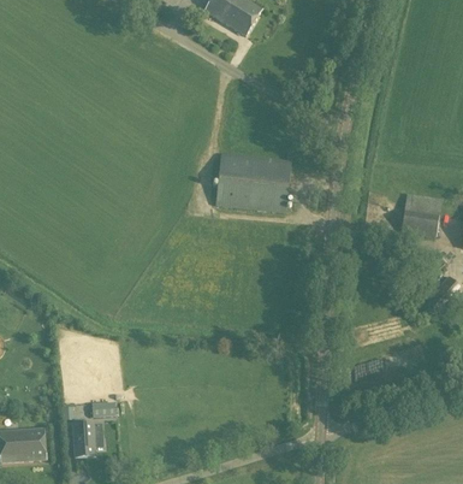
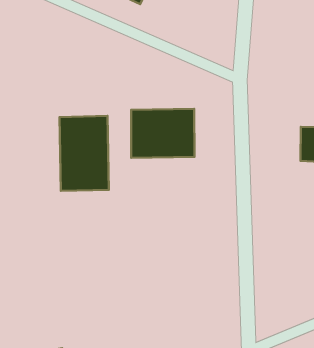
building: none -> [60,116,109,191]

